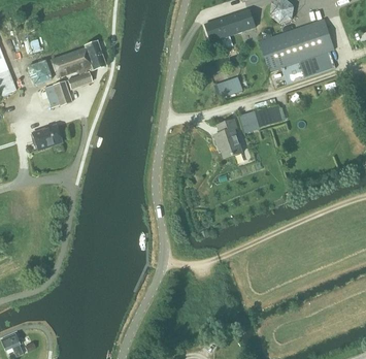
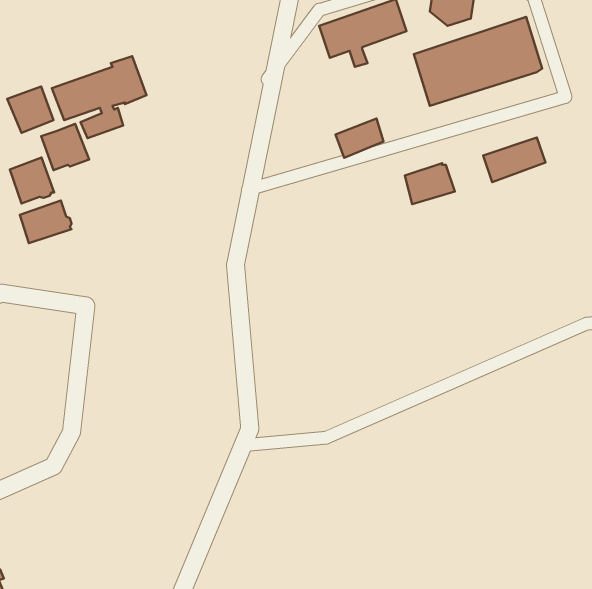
building: [300,52,336,77] -> [483,138,546,182]
building: none -> [10,157,54,203]
building: [214,119,243,158] -> none

